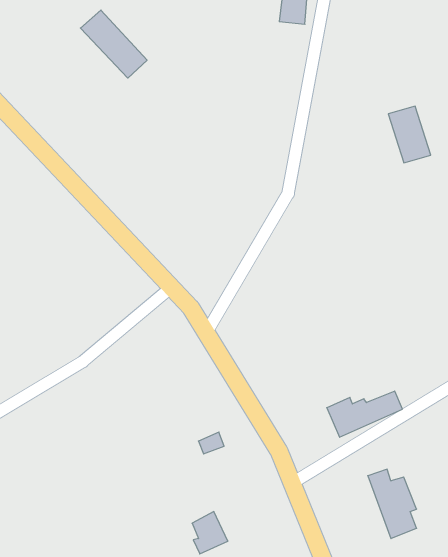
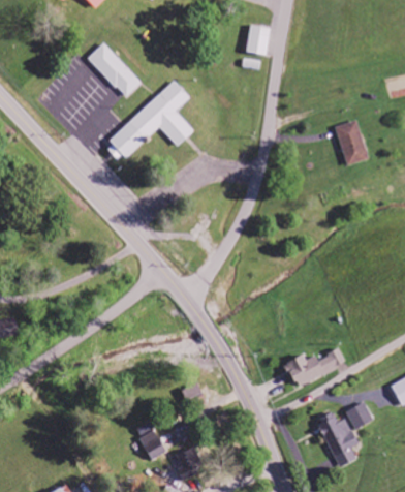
building: none -> [103,80,193,161]
building: none -> [345,401,372,428]
building: none -> [137,428,165,458]

